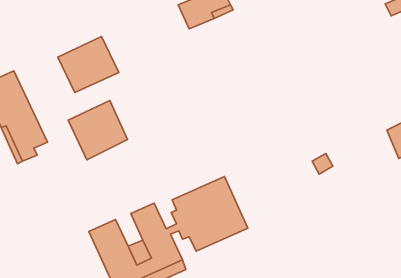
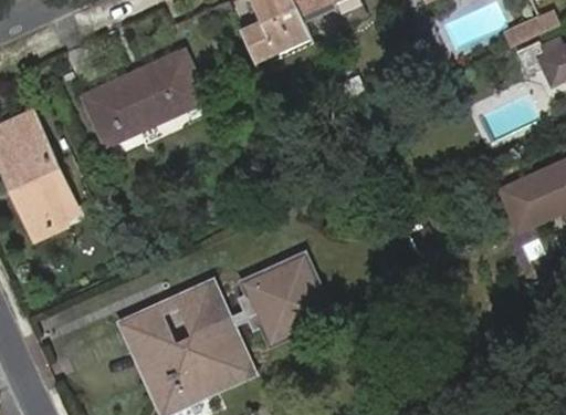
building: none -> [142,54,203,118]
building: [68,101,127,160] -> none

